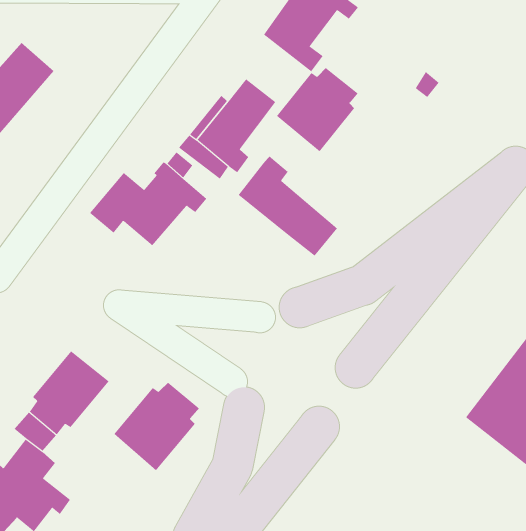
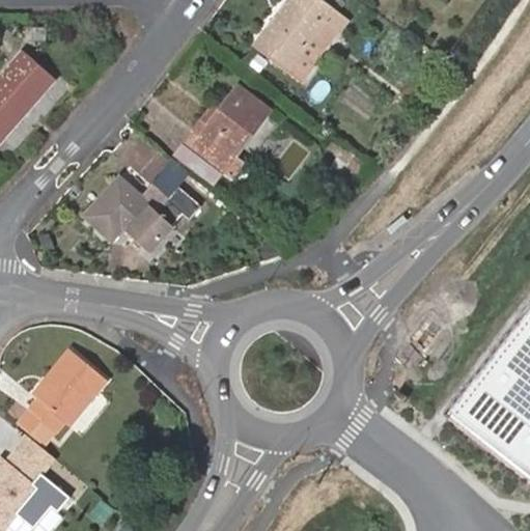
building: [276,67,358,152] -> none
building: [238,155,338,257] -> none
building: [113,382,200,471] -> none

